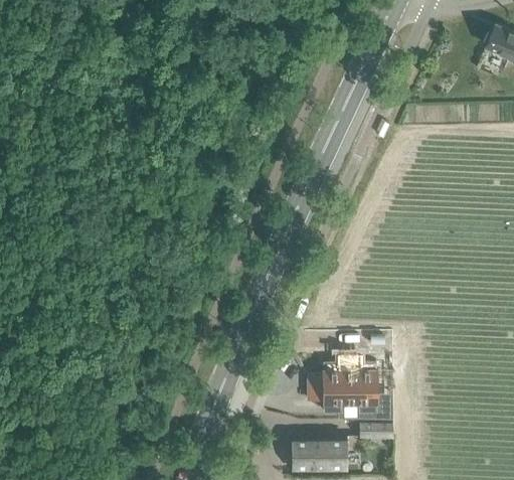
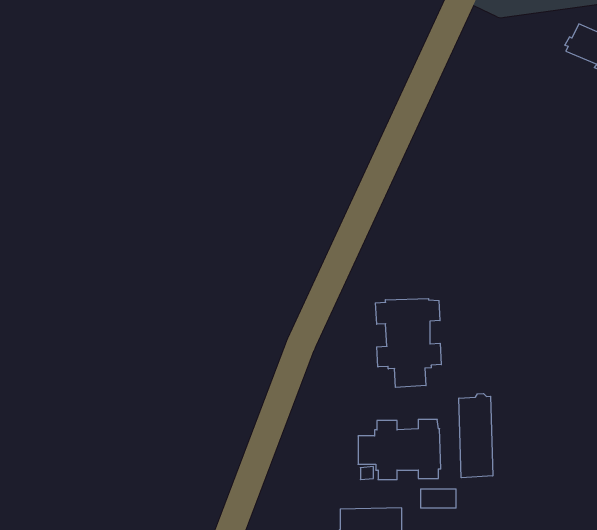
building: none -> [375,299,441,387]
building: none -> [459,394,493,478]

